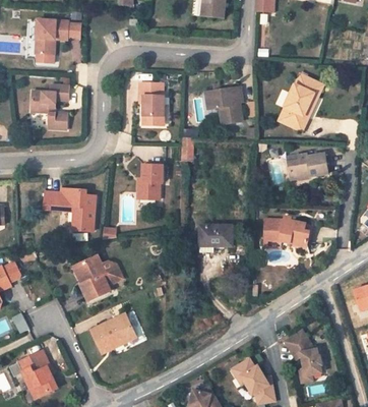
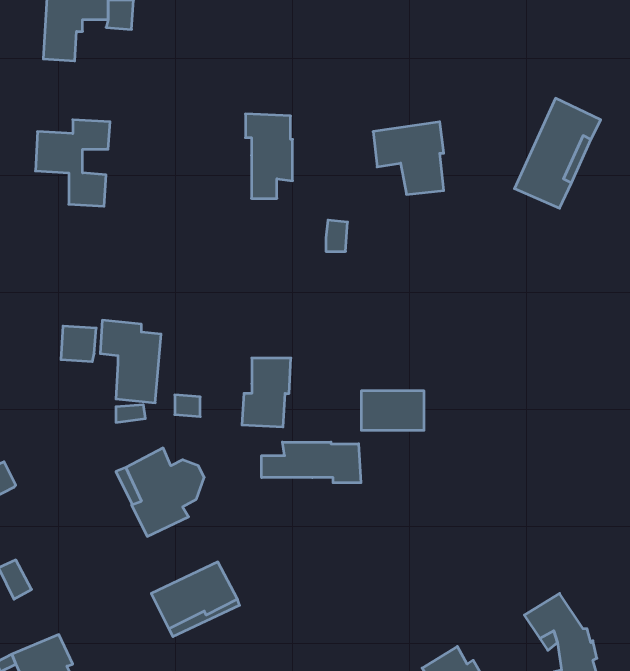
building: [288,154,328,180] -> none
building: [137,165,163,200] -> [242,358,291,427]
building: [263,217,309,247] -> none
building: none -> [262,442,361,483]

